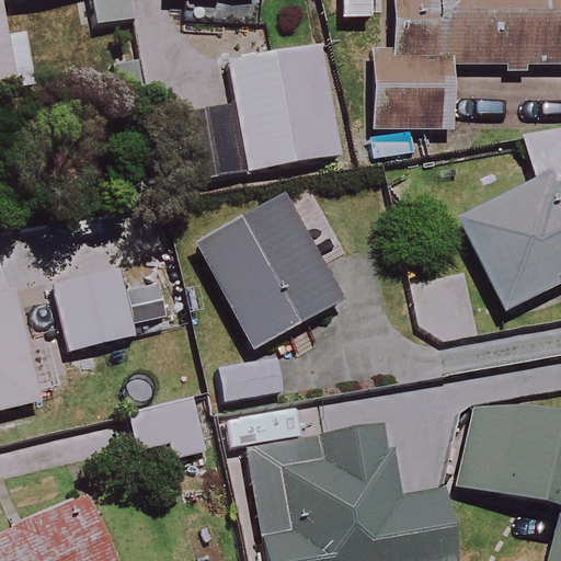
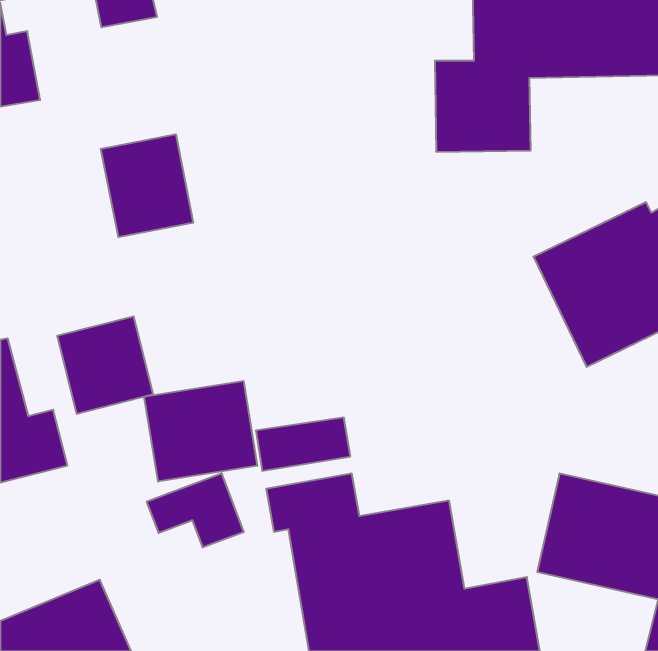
building: [167,41,340,182] -> none
building: none -> [101,134,193,237]
building: [204,202,339,344] -> none
building: none -> [144,381,257,482]

